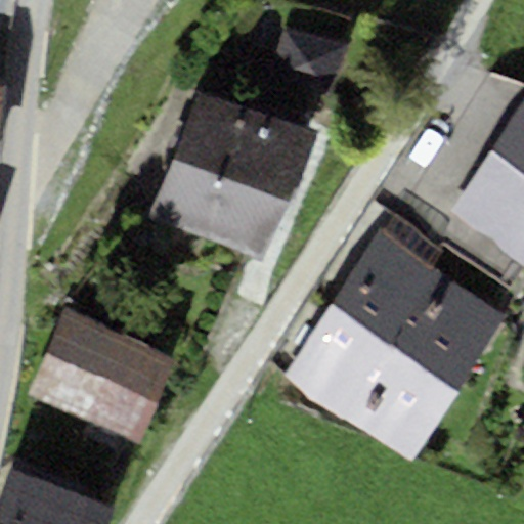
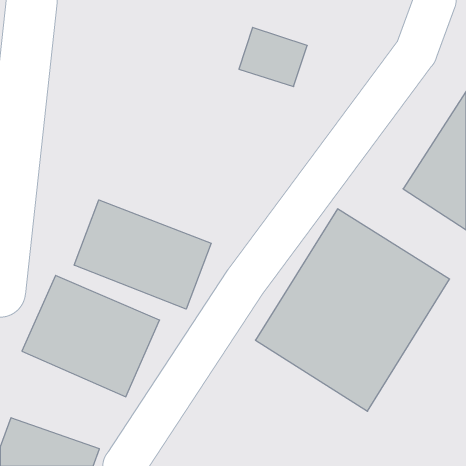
building: [148,93,314,262] -> none
building: none -> [74,200,211,309]

